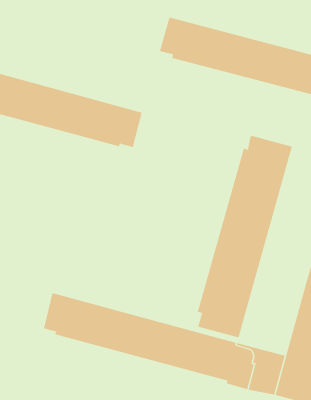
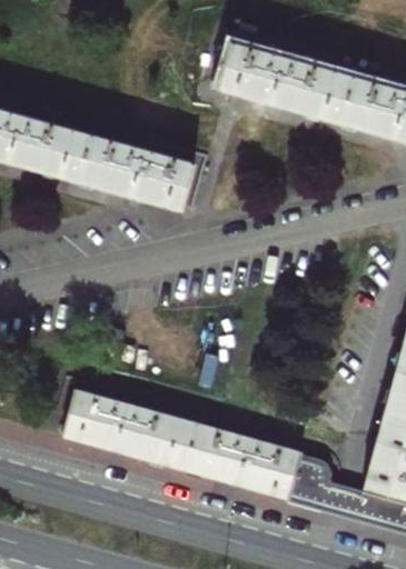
building: [197,135,293,338] -> none

